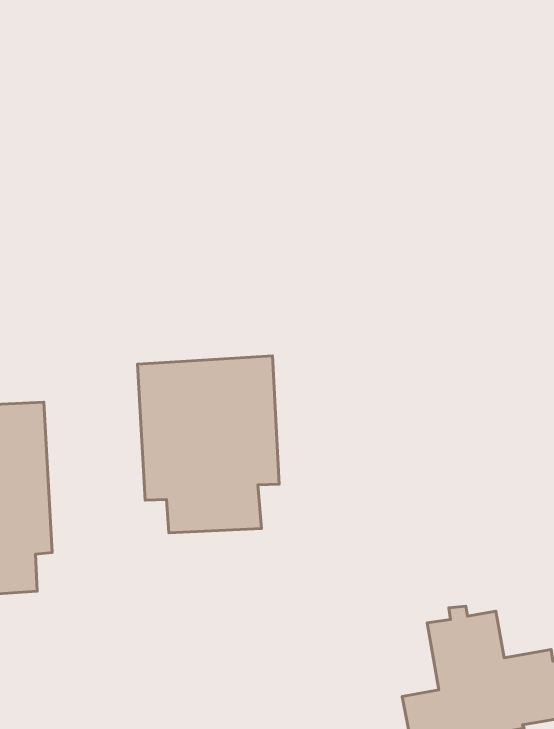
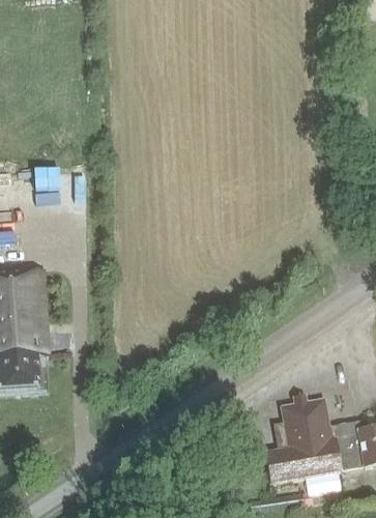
building: [138,356,279,533] -> none

